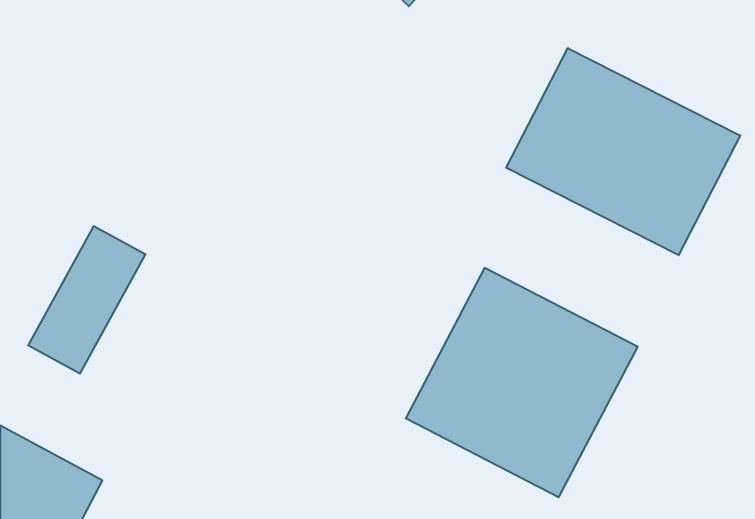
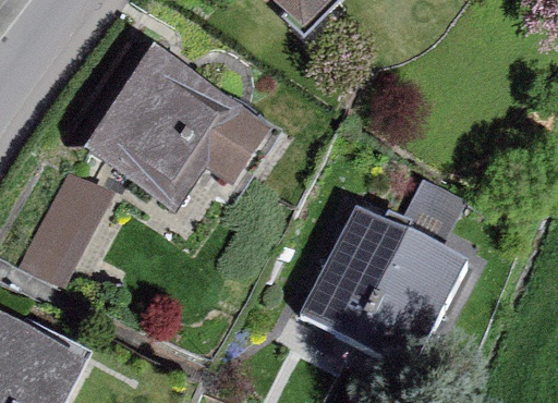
building: [506,48,740,255] -> none
building: none -> [83,48,275,198]

